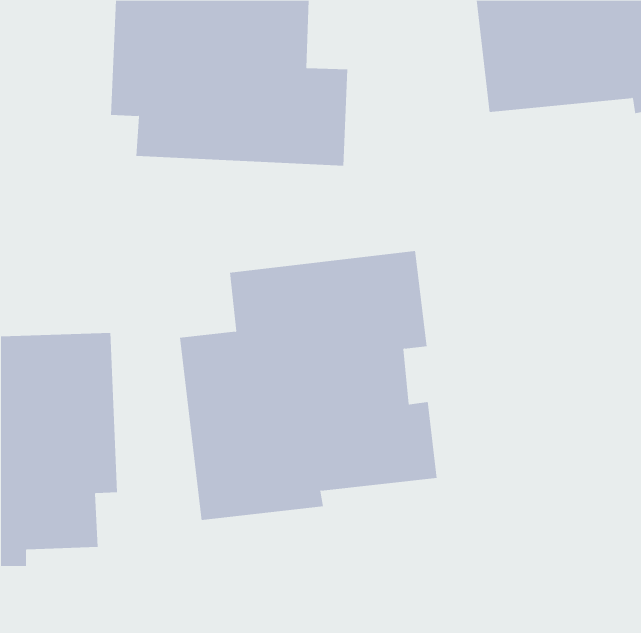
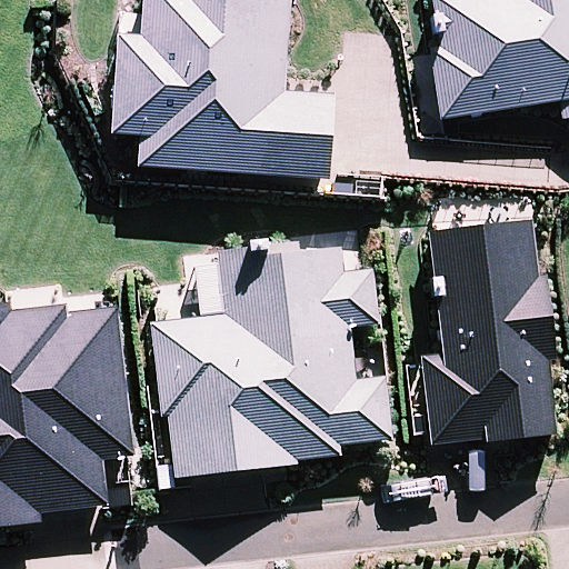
building: none -> [422,217,551,436]

